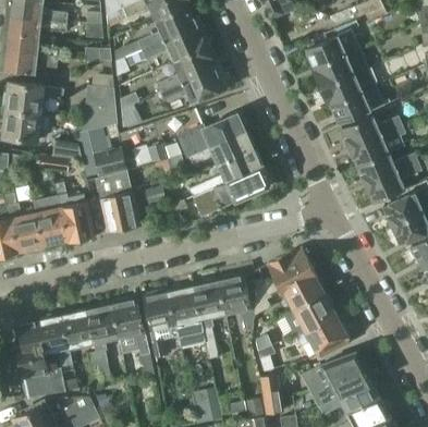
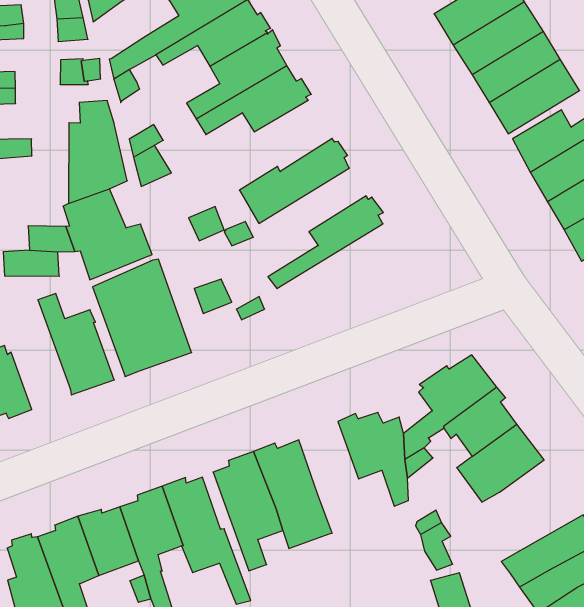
building: [188,132,255,166] -> none
building: [194,166,270,217] -> none
building: [35,184,66,247] -> none
building: [195,278,227,358] -> none
building: [296,316,347,354] -> none

